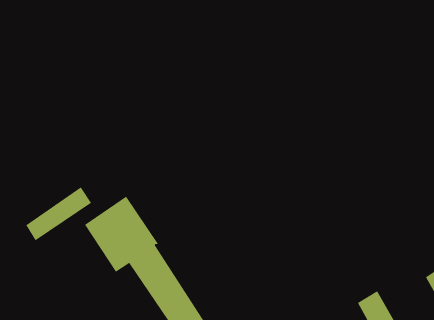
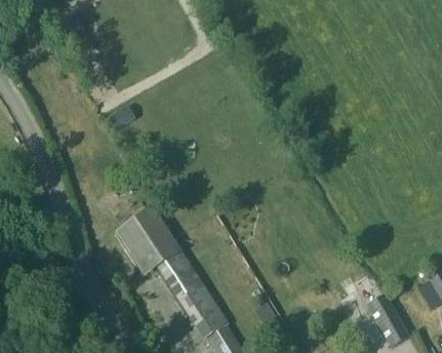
building: [26,187,92,241] -> none

